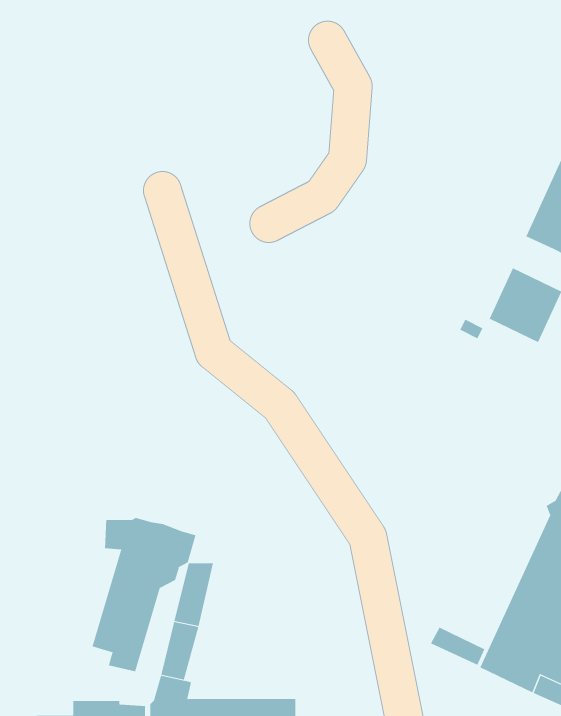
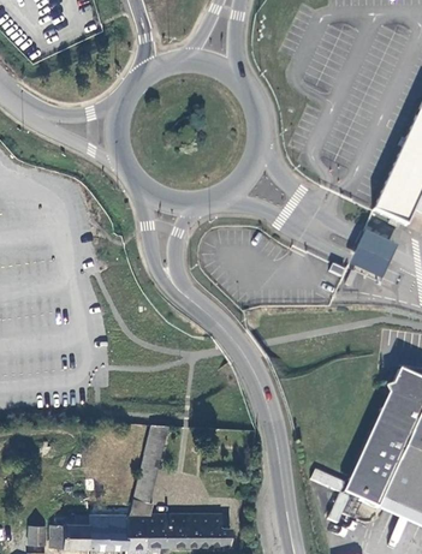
building: [92,517,196,672] -> none

